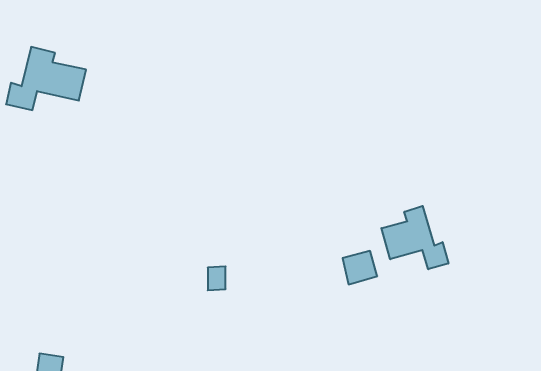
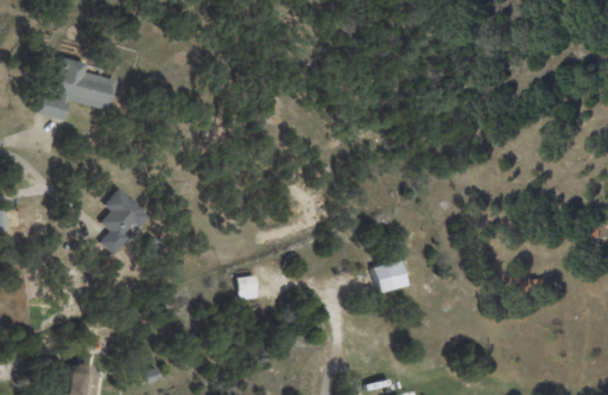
building: none -> [100,187,151,254]
building: [381,206,448,269] -> none

